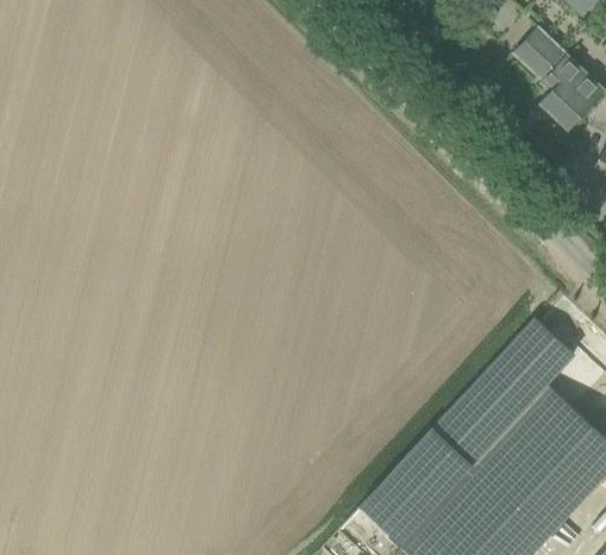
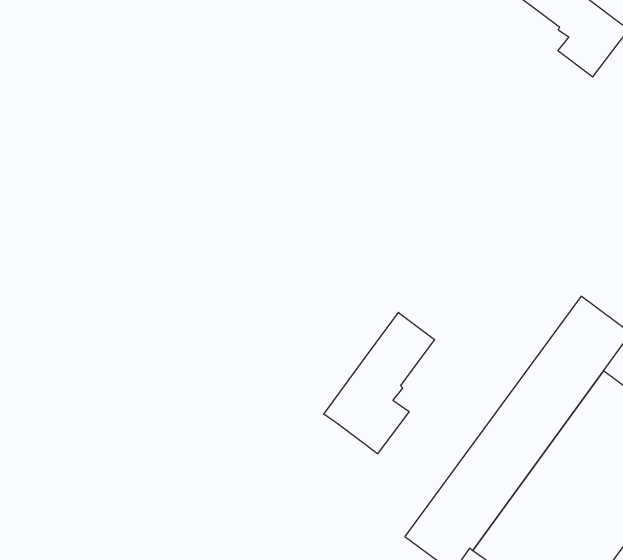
building: none -> [324,312,435,454]

